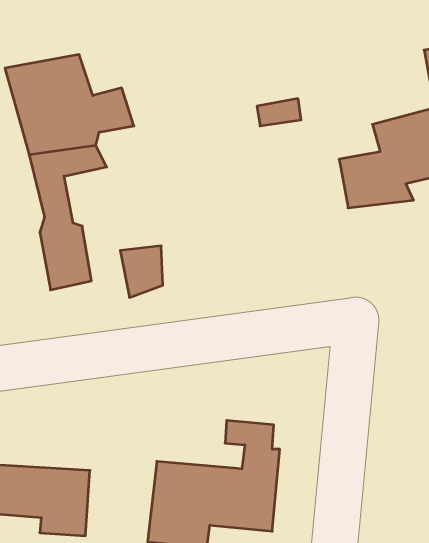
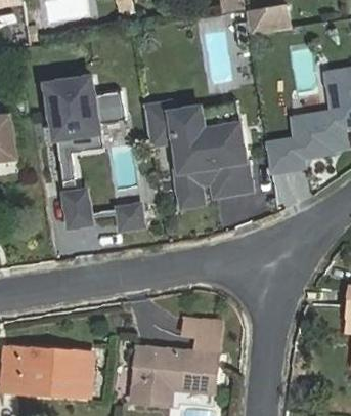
building: none -> [143,100,253,210]

